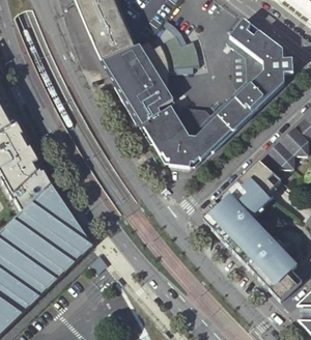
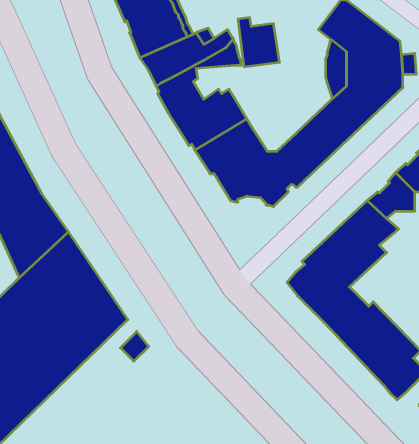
building: [138,65,168,89] -> none
building: [178,105,209,125] -> none

